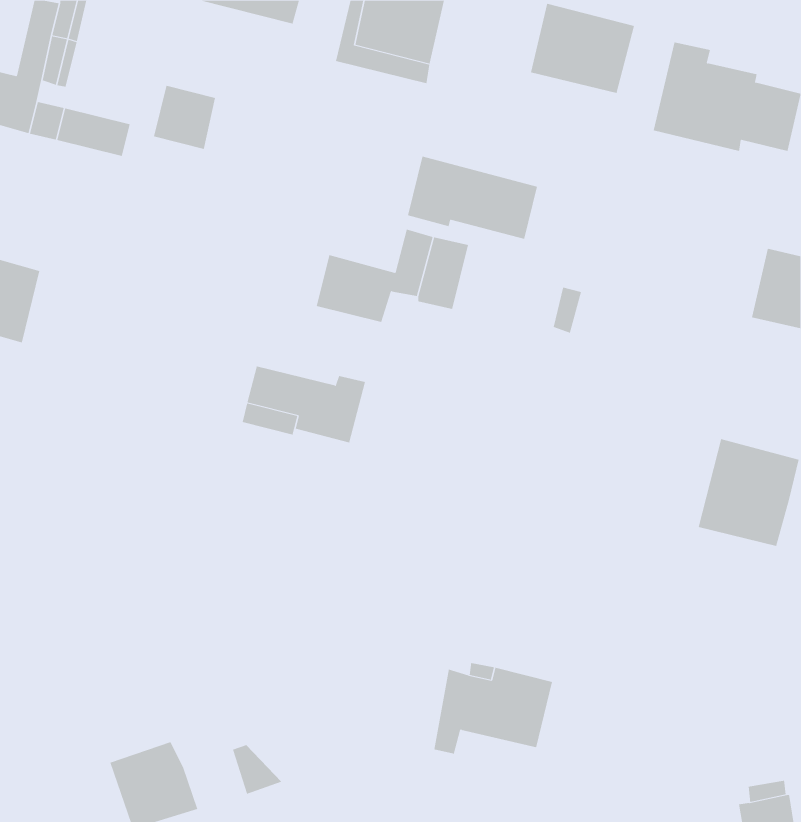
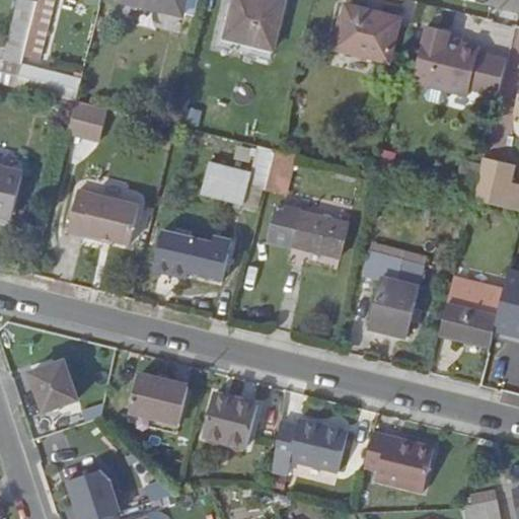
building: [153,85,216,149] -> [69,99,108,140]
building: [407,156,538,240] -> [264,203,346,255]
building: none -> [70,188,141,242]
building: none -> [365,250,425,336]
building: none -> [35,362,80,413]
building: none -> [133,373,188,420]
building: none -> [208,392,262,445]
building: none -> [365,433,434,492]

